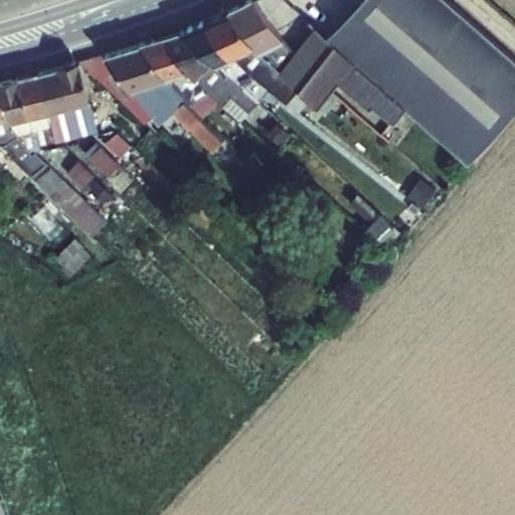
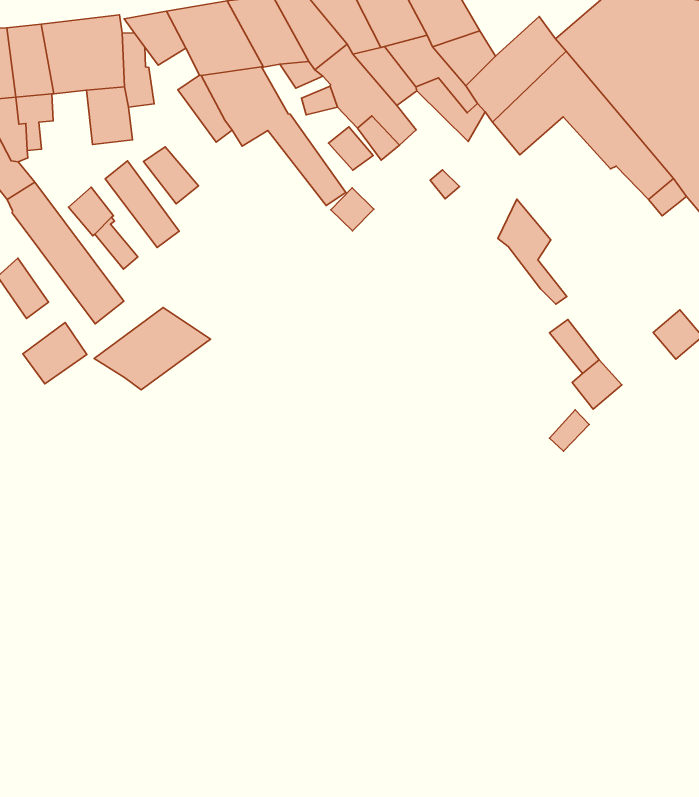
building: [42,109,74,146] -> none
building: none -> [498,199,567,304]
building: none -> [94,308,210,390]

